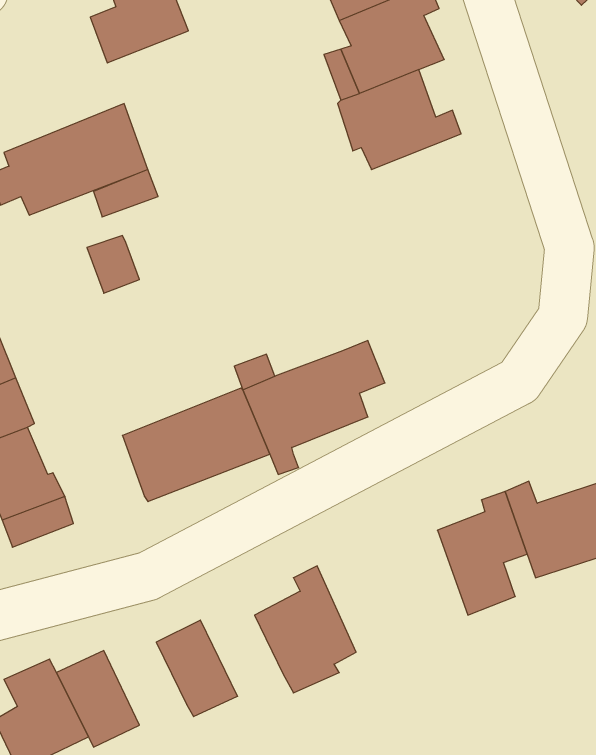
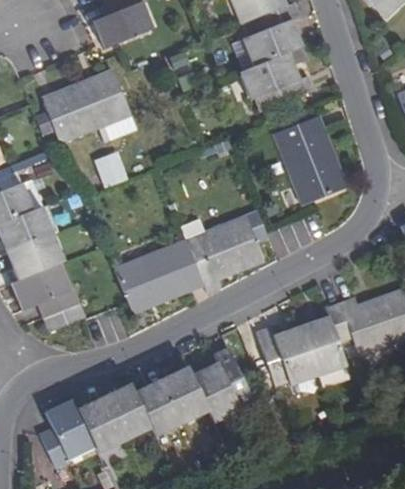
building: none -> [272,120,339,206]
building: none -> [256,323,319,382]
building: none -> [161,363,210,421]
building: none -> [104,381,153,438]

